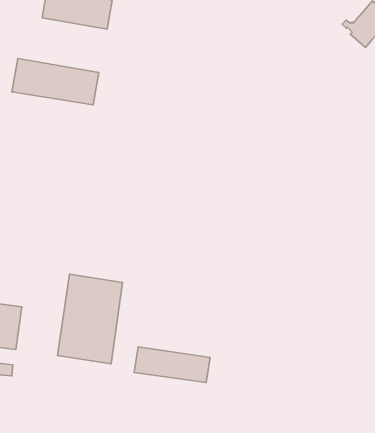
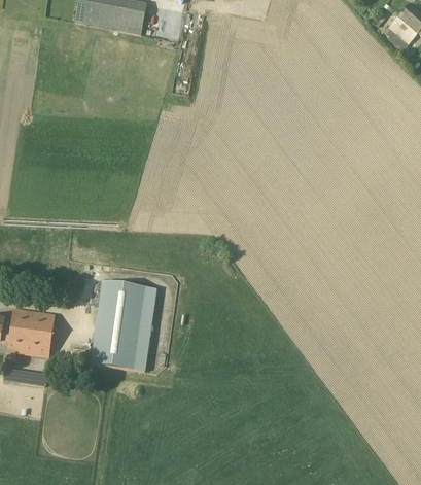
building: [12,59,99,105] -> none
building: [134,347,210,382] -> none

